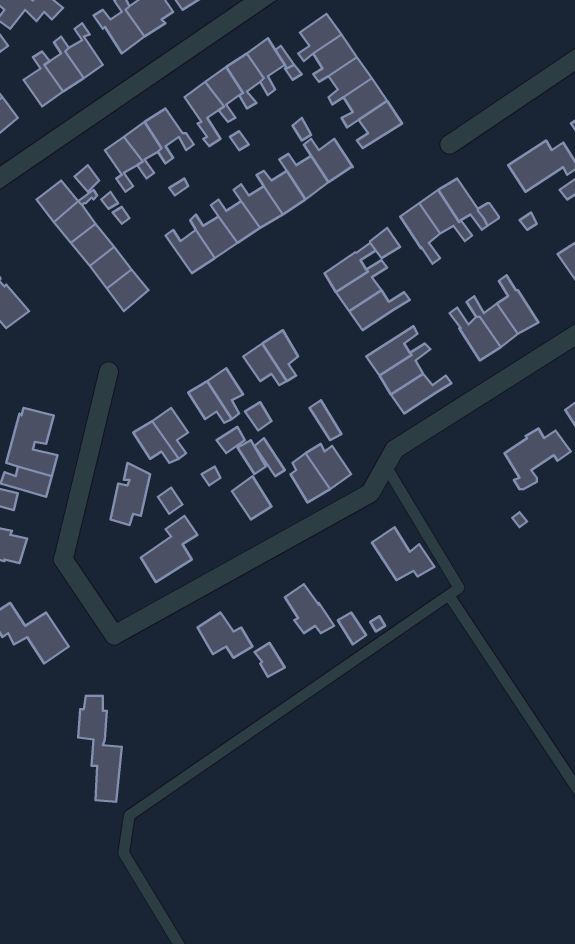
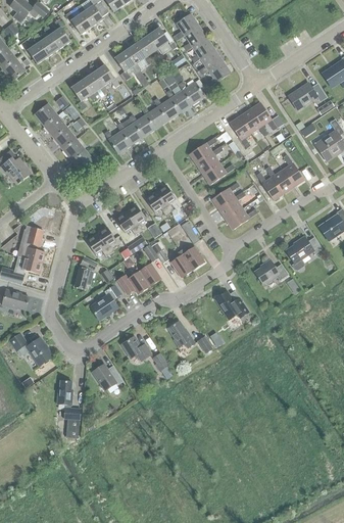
building: none -> [255,260,287,284]
building: none -> [116,271,149,294]
building: none -> [93,366,122,390]

